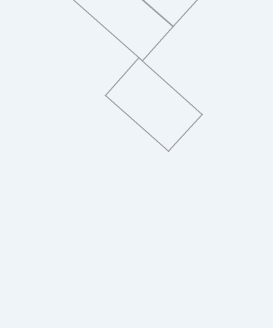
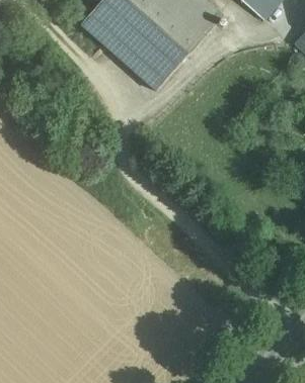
building: [105,58,202,151] -> none

